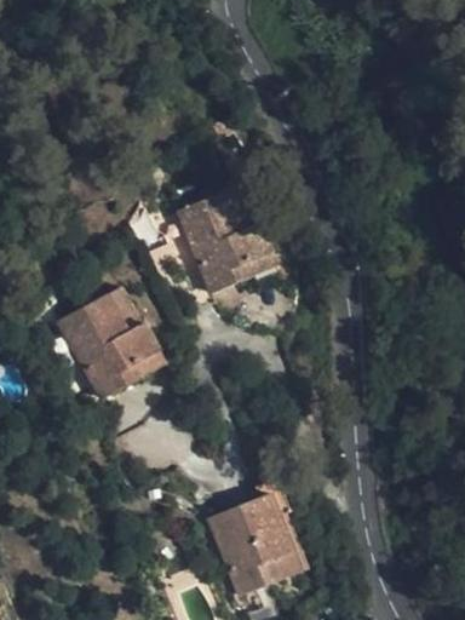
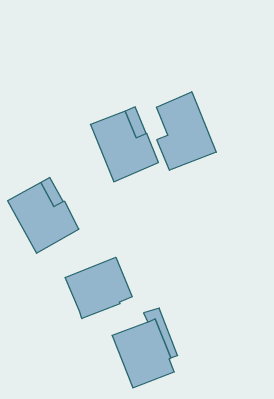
building: none -> [157,92,216,170]
building: none -> [65,257,132,319]

